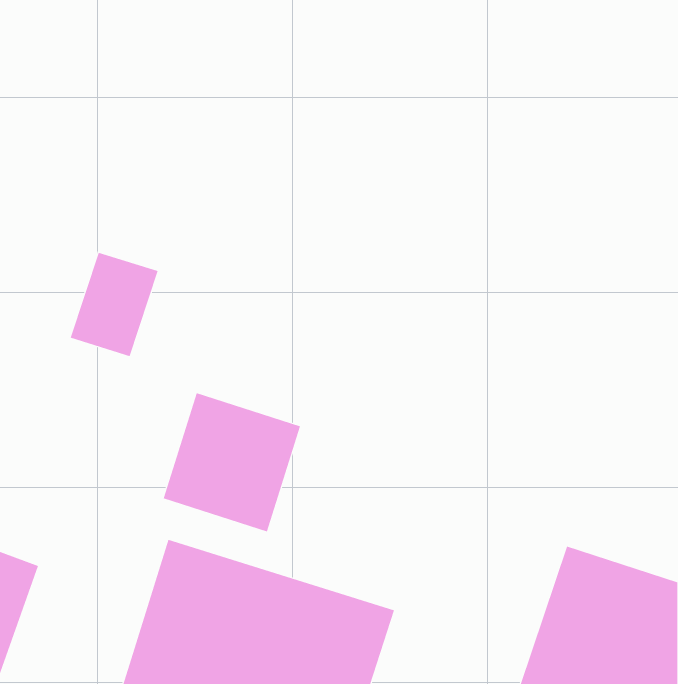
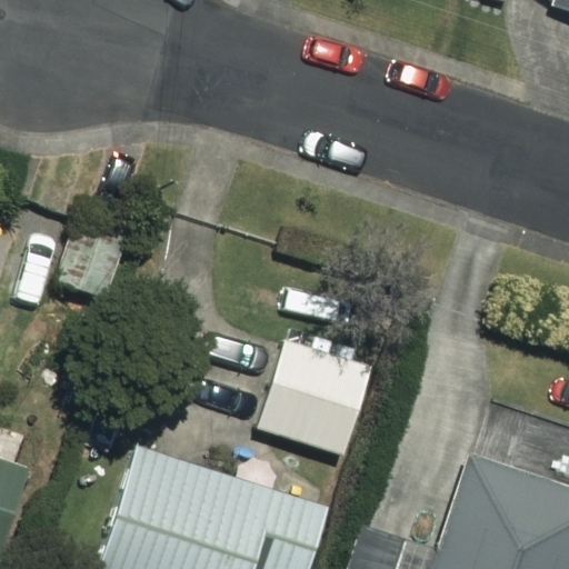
building: [163,393,301,532] -> [258,340,372,456]

